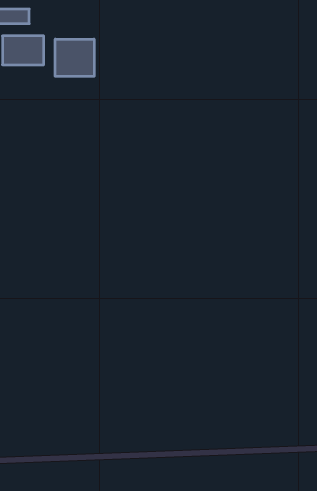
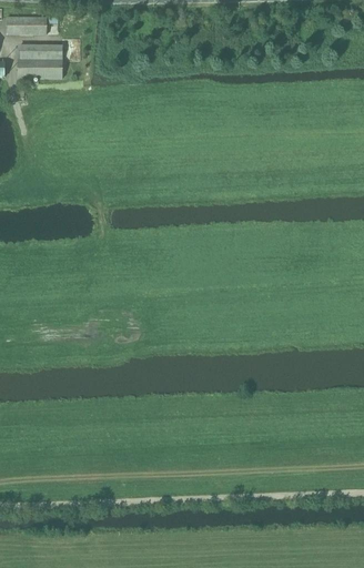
building: [55,39,94,76] -> none

